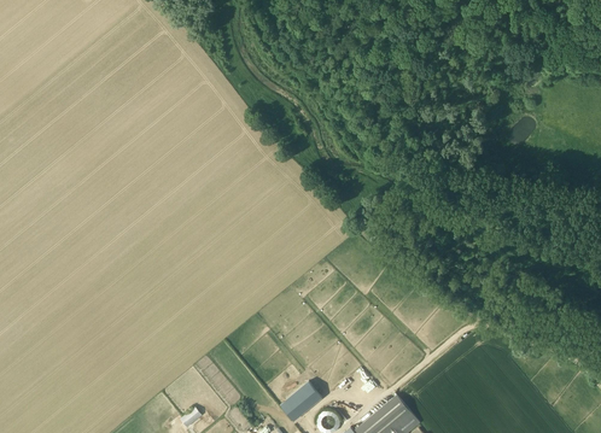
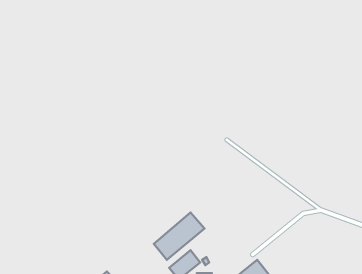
building: none -> [154,213,204,260]

